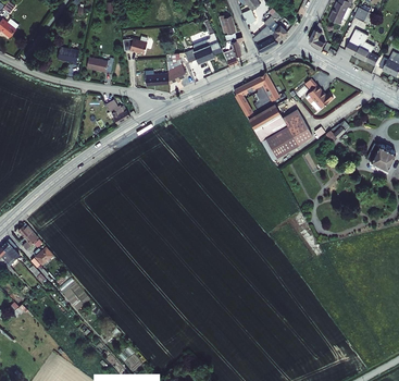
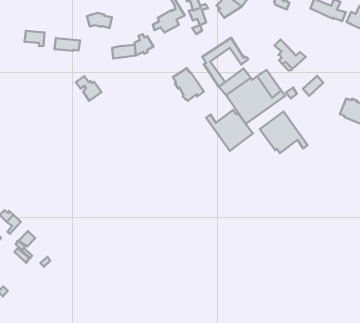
building: none -> [173,68,204,101]
building: none -> [206,110,253,151]
building: none -> [260,112,307,153]

